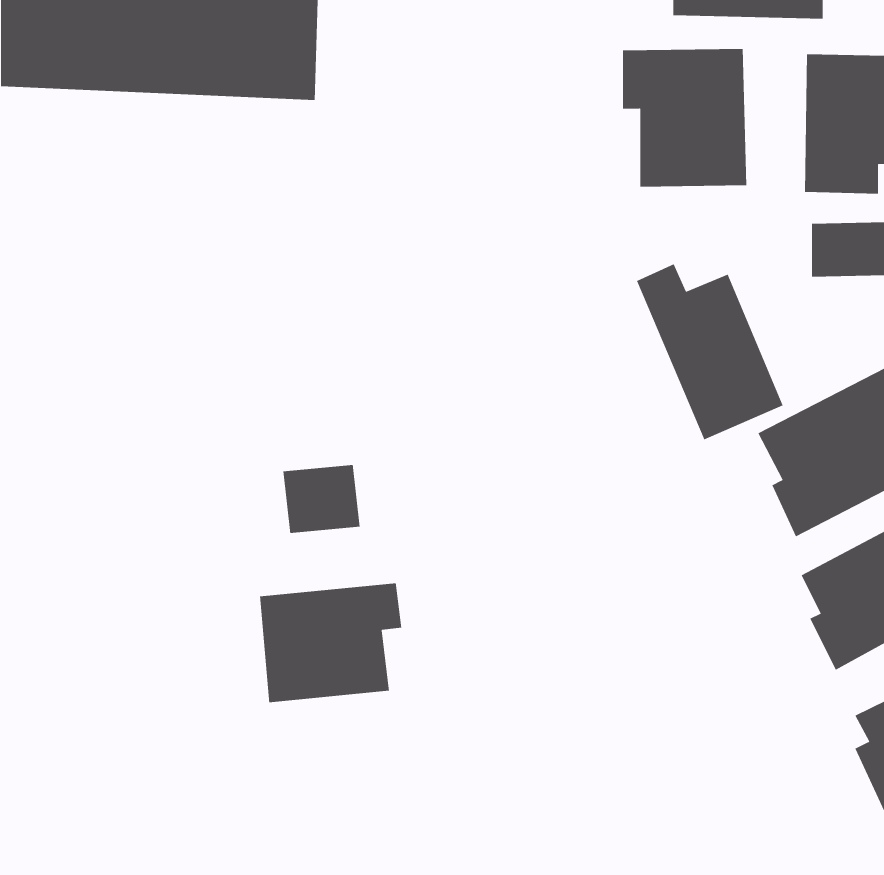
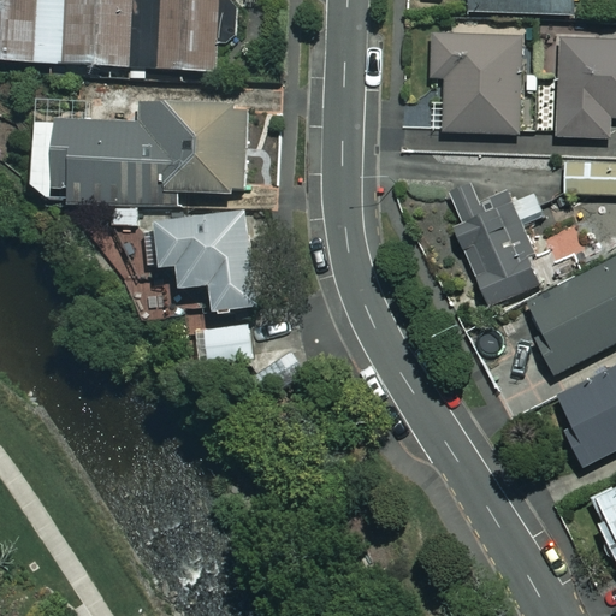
building: none -> [35,103,244,202]
building: none -> [114,208,254,313]
building: [260,582,402,703] -> none

